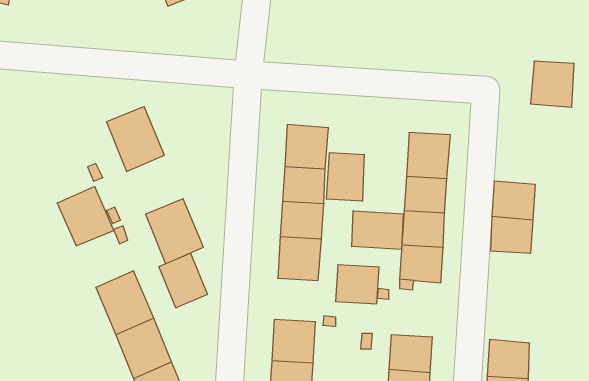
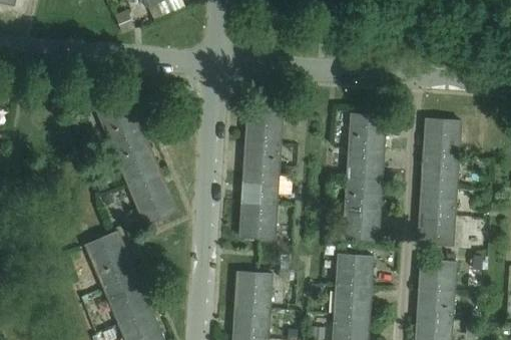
building: [530,61,574,107] -> [423,119,460,158]
building: [327,153,364,201] -> none
building: [57,187,114,246] -> [111,133,159,184]
building: [352,211,403,249] -> none
building: none -> [418,215,454,247]
building: [159,253,207,308] -> none
building: [335,265,379,304] -> [336,255,373,288]
building: none -> [419,260,455,293]

